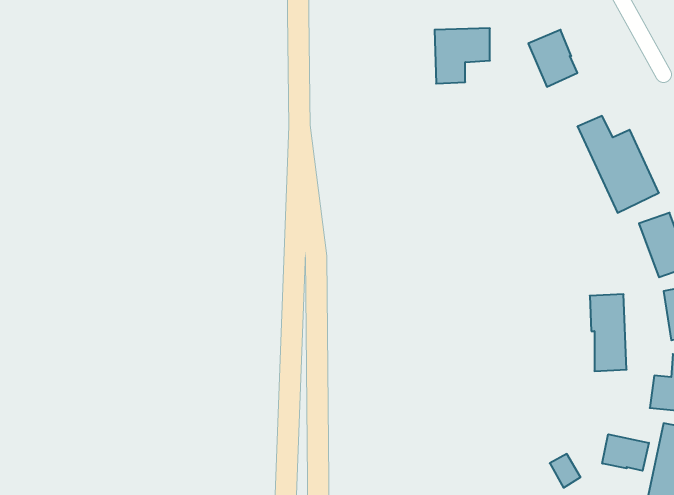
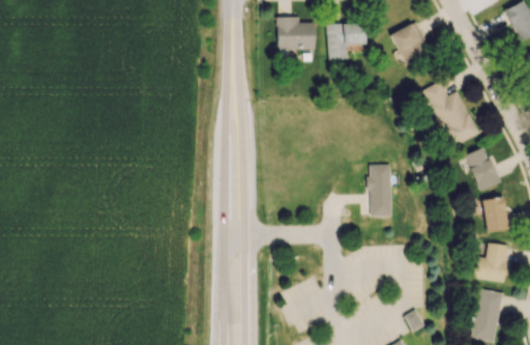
building: none -> [276,17,316,50]
building: [590,294,627,371] -> [367,165,392,217]
building: [602,434,649,471] -> none

